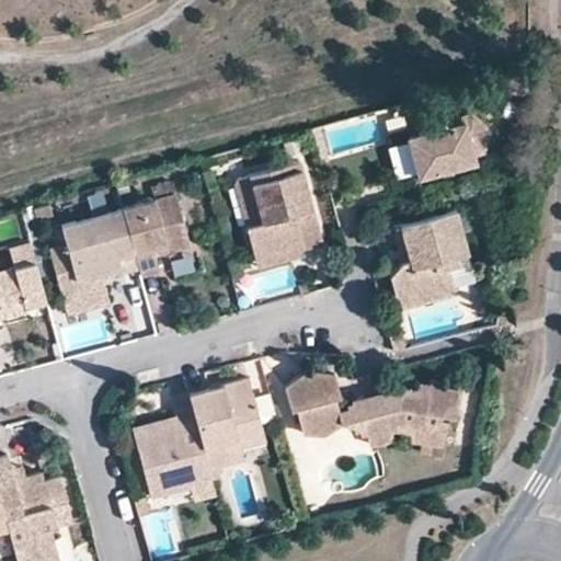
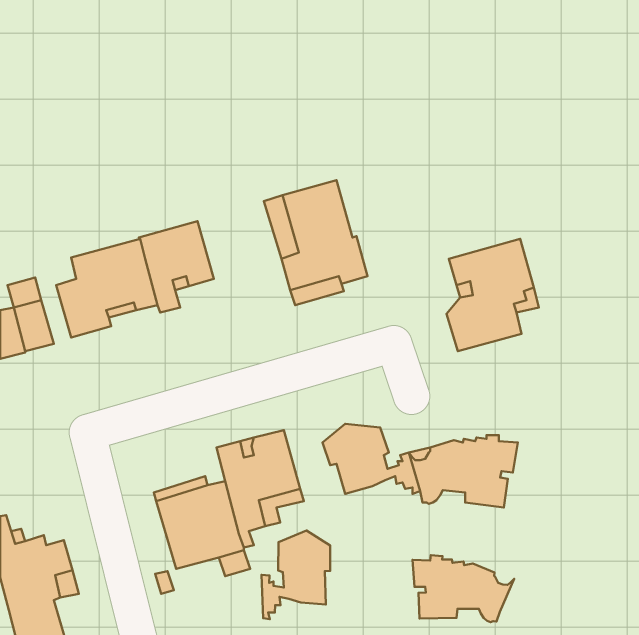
building: [405,117,483,180] -> none
building: none -> [262,531,330,619]
building: none -> [412,555,514,622]

